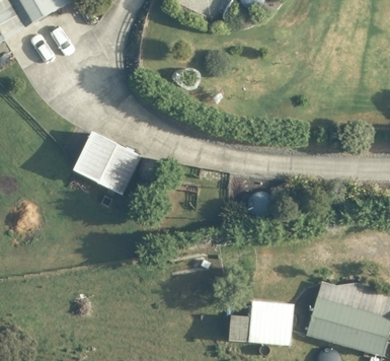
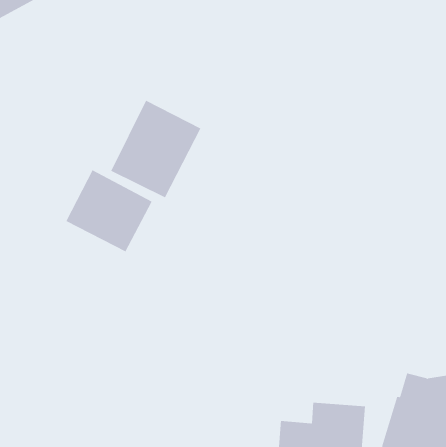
building: none -> [111,100,201,198]

